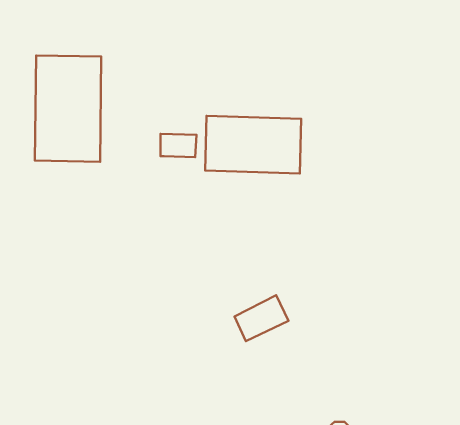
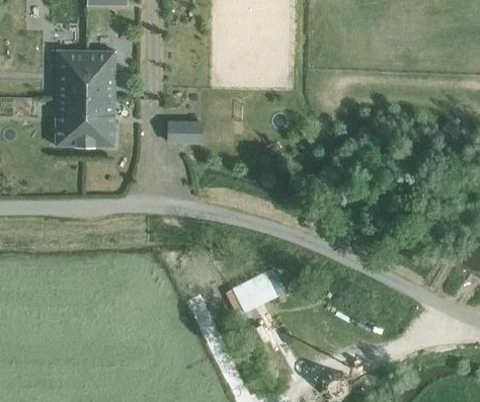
building: [205,116,301,173] -> none

